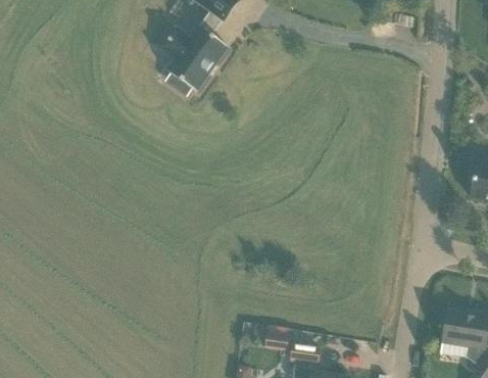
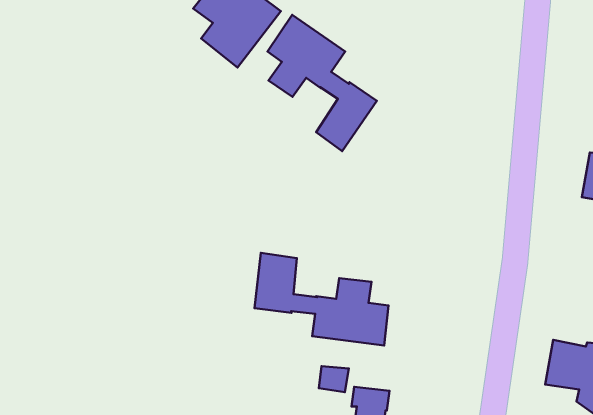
building: none -> [267,15,377,151]
building: none -> [254,253,388,346]

